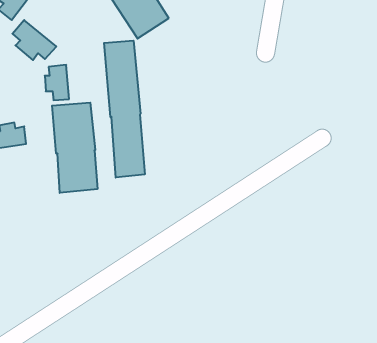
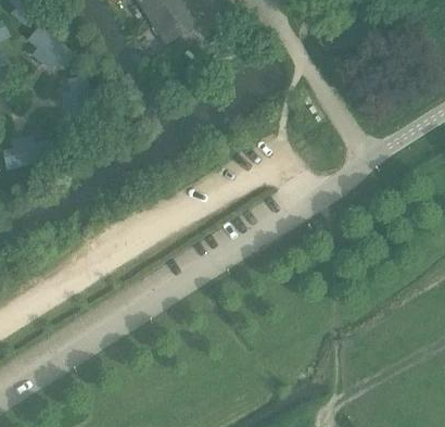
building: [104,41,145,178] -> none
building: [52,103,97,193] -> none

